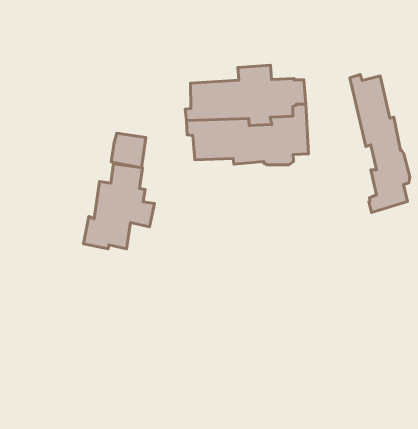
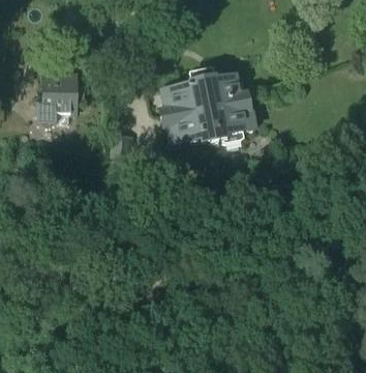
building: [350,75,410,213] -> none
building: [84,164,154,249] -> [37,60,85,123]

